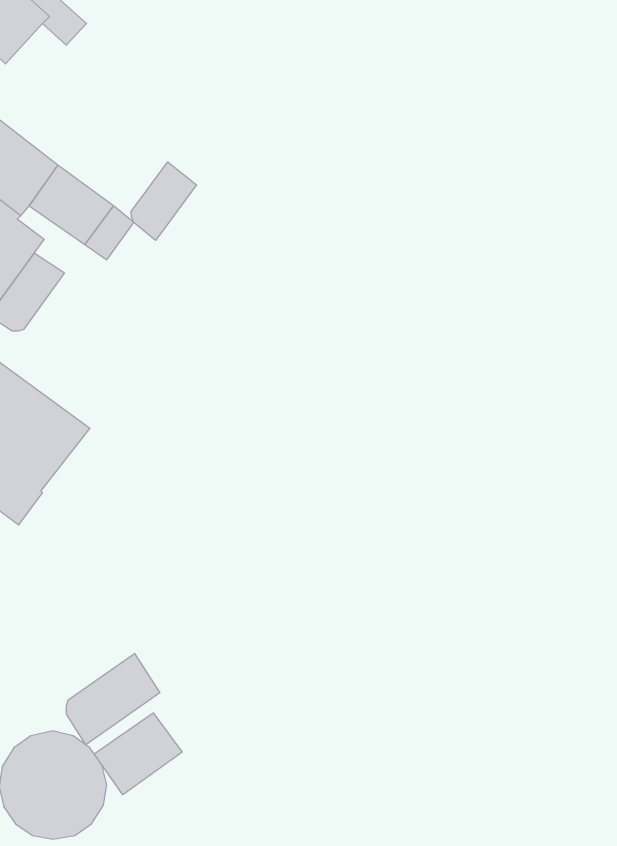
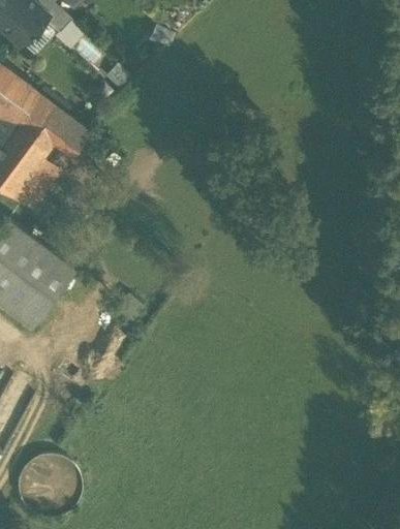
building: [131,162,196,240] -> none
building: [66,653,160,745] -> none
building: [94,713,182,795] -> none

